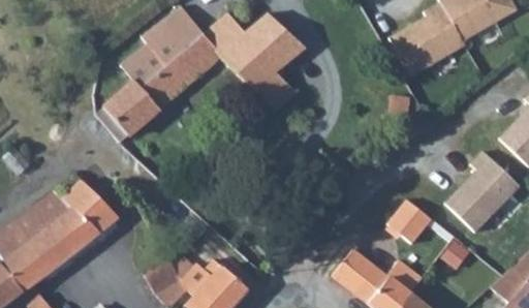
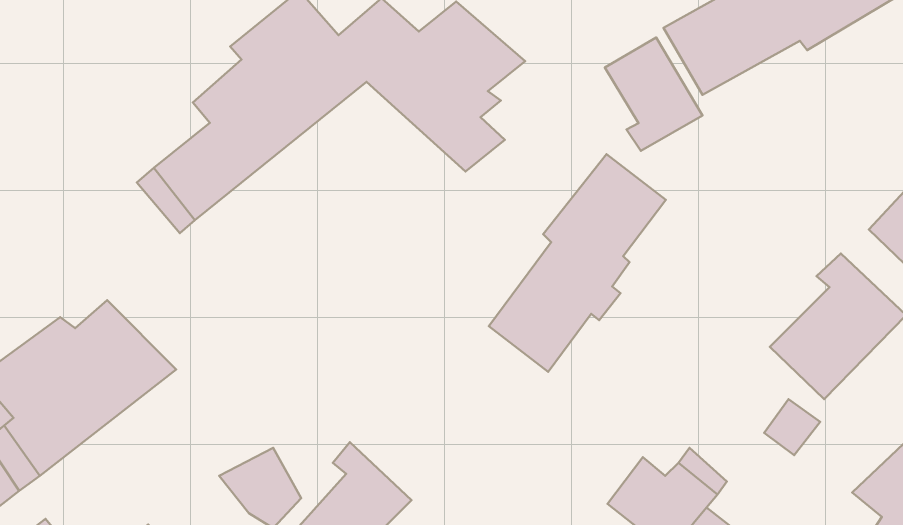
building: none -> [605,37,702,151]
building: none -> [489,154,666,372]
building: [384,202,431,242] -> none
building: [332,249,374,292] -> none

